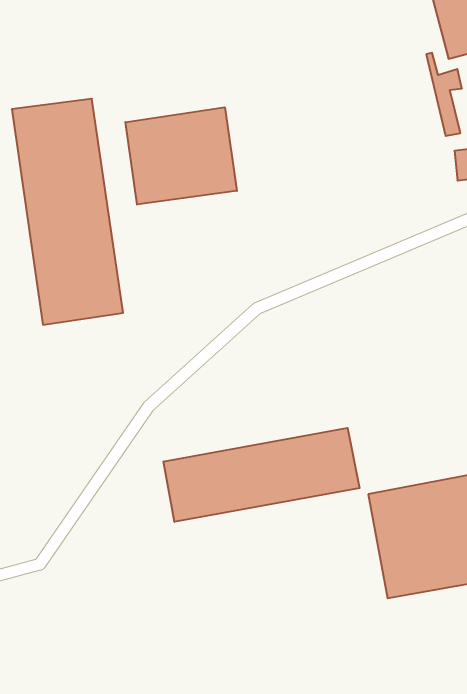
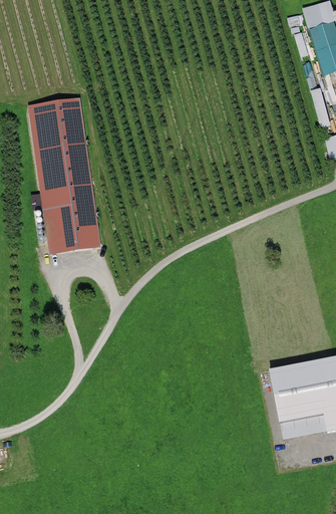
building: [125,107,237,205] -> none
building: [164,428,360,522] -> none

